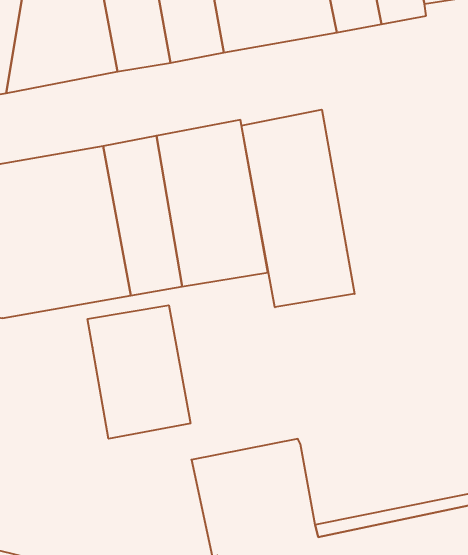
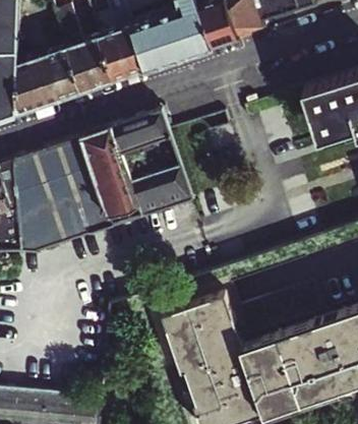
building: [241,110,355,307] -> none
building: [88,305,190,439] -> none

